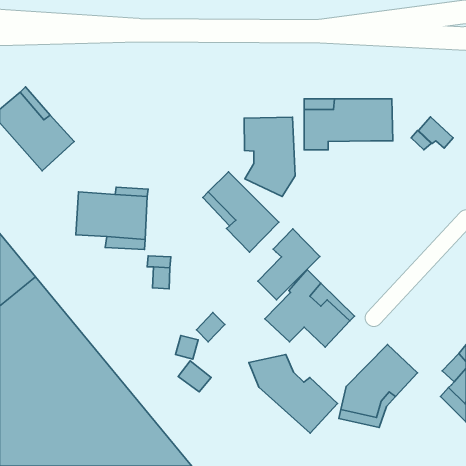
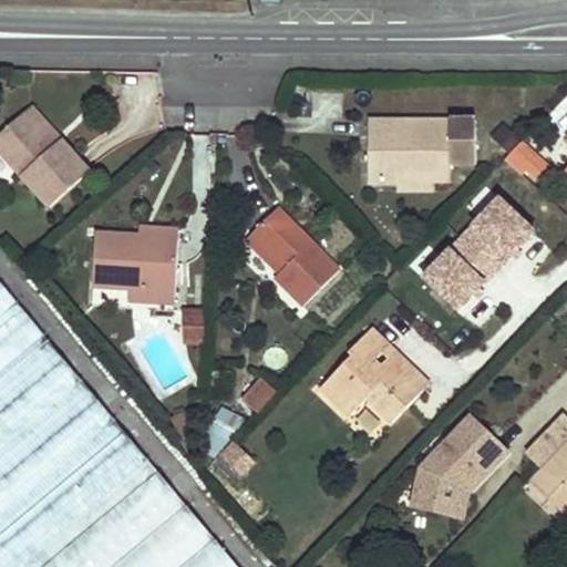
building: [244,117,295,197] -> none
building: none -> [413,185,534,312]
building: [258,229,320,300] -> none
building: [249,355,338,433] -> none

